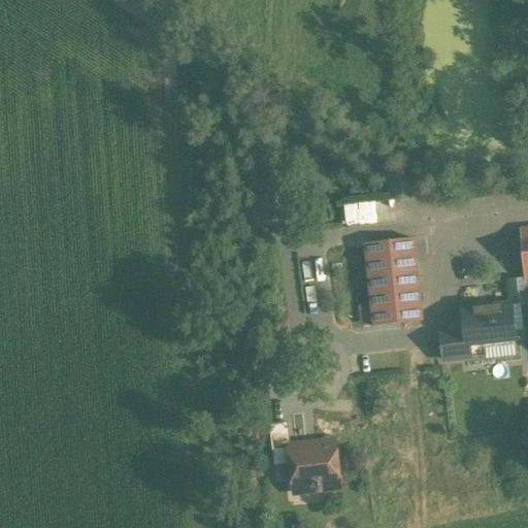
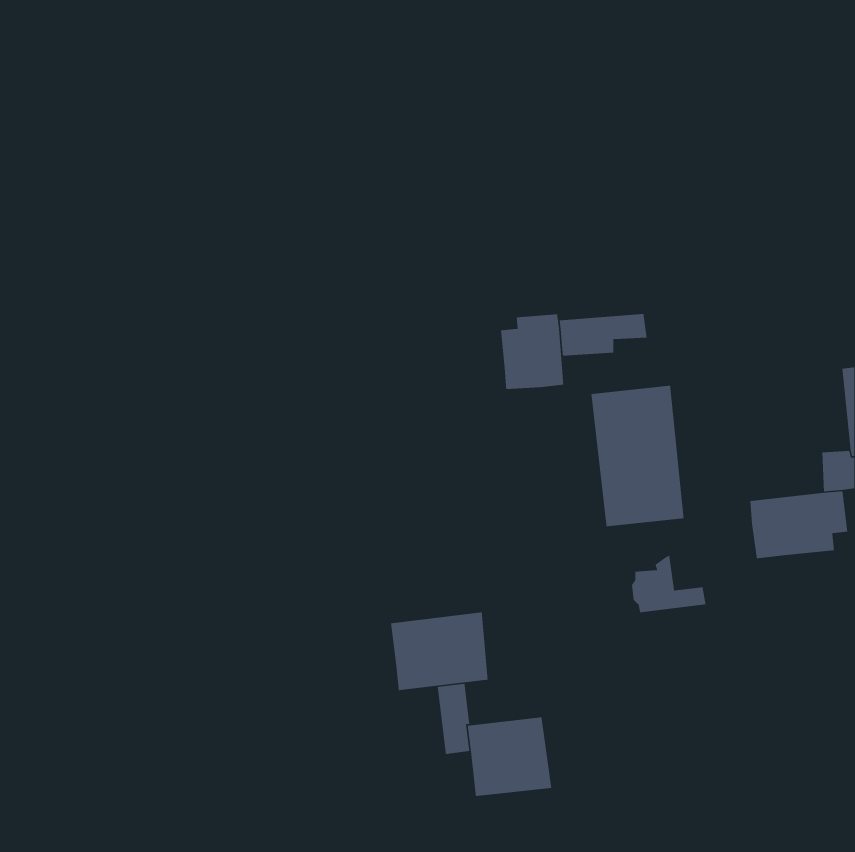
building: none -> [500,314,564,390]
building: [439,323,486,359] -> [631,555,706,613]
building: none -> [390,611,489,691]

